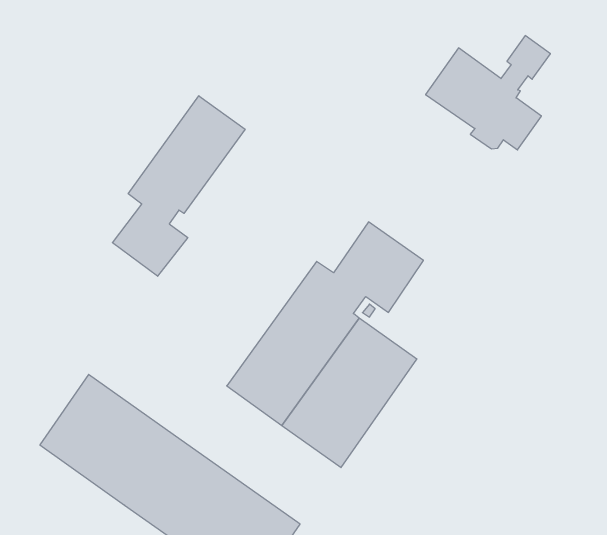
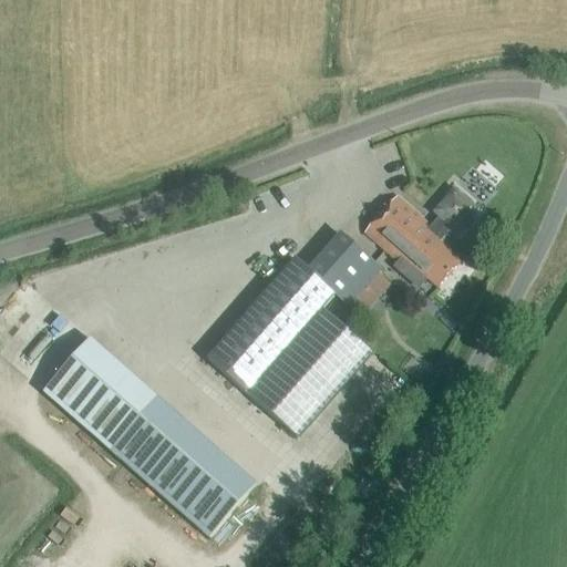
building: [426,36,550,150] -> [363,189,473,286]
building: [112,96,245,276] -> none

